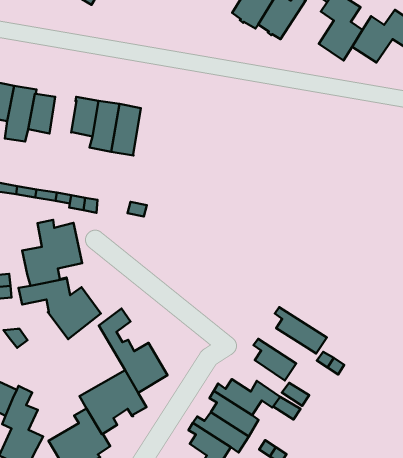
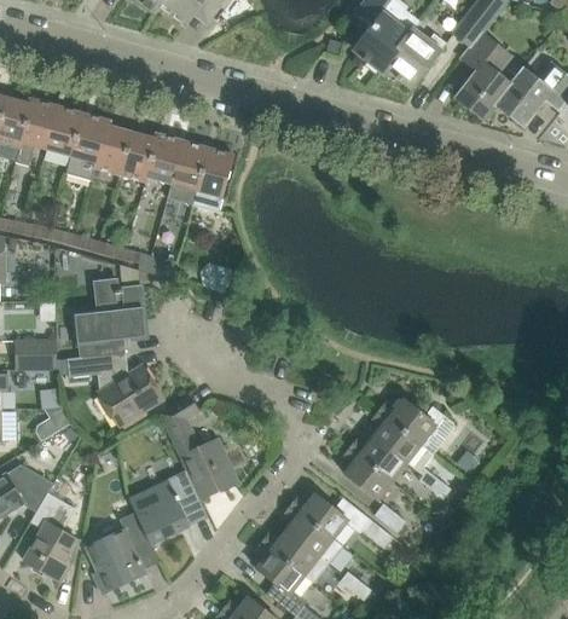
building: none -> [120,131,156,181]
building: none -> [378,398,453,452]
building: none -> [349,435,407,480]

